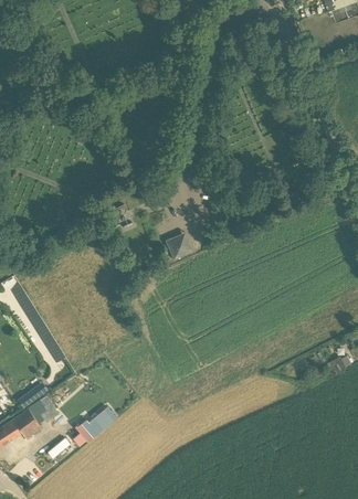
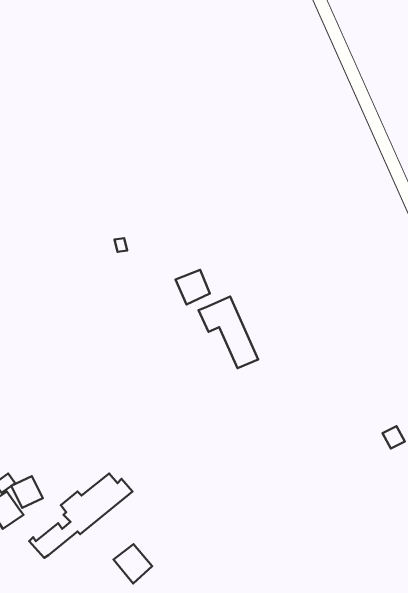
building: none -> [198,297,258,368]
building: none -> [114,544,152,584]

